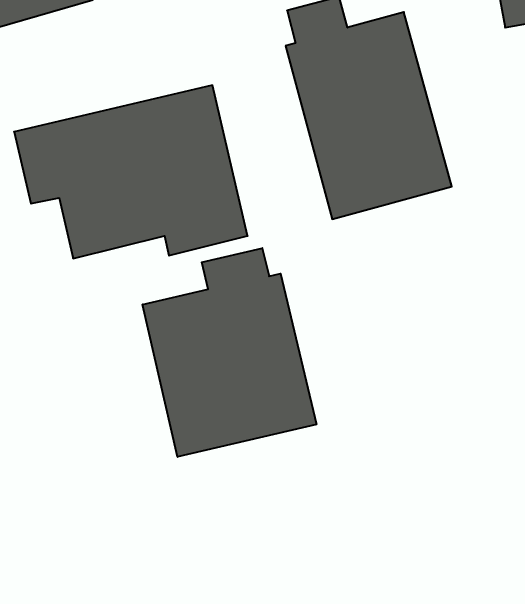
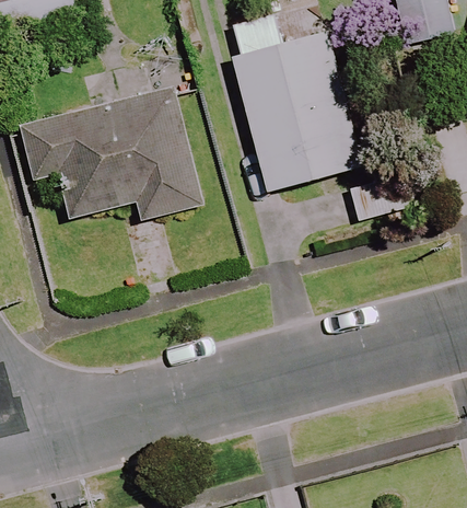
building: [143,248,316,457] -> none

